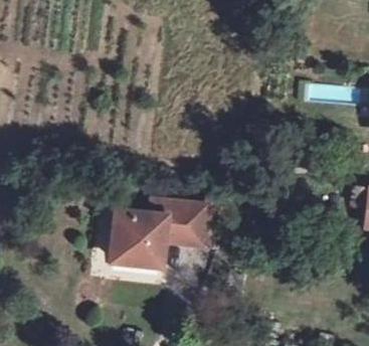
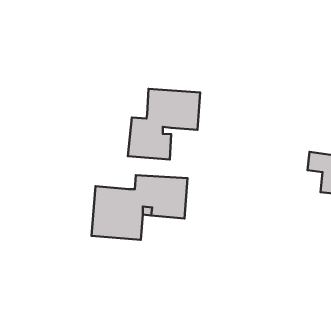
building: none -> [128,89,200,159]

